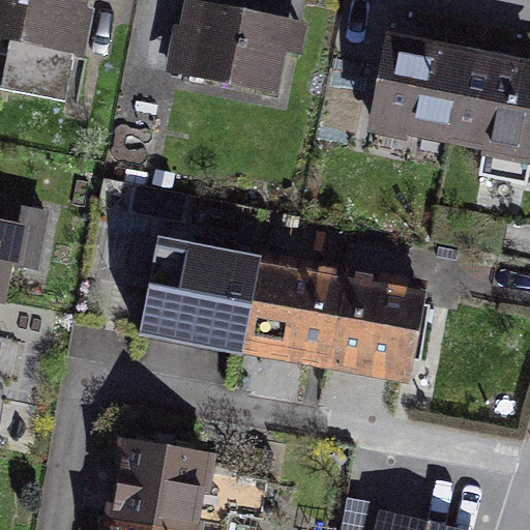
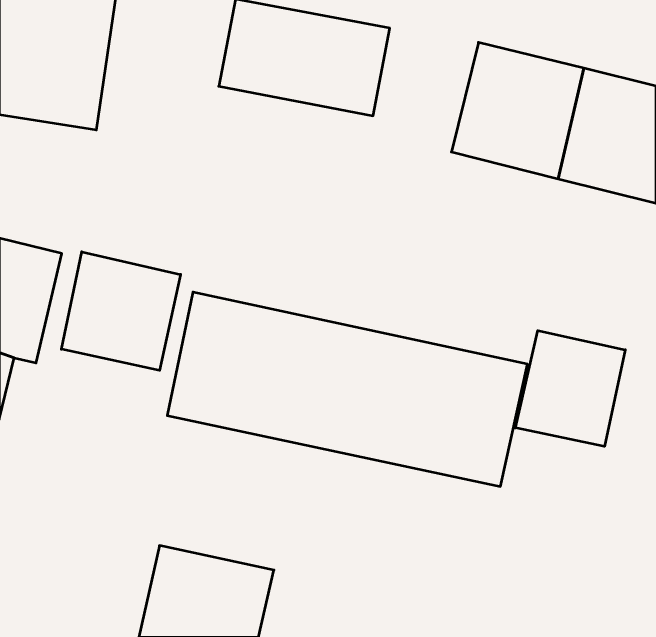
building: none -> [61,252,181,370]
building: none -> [515,331,625,446]

